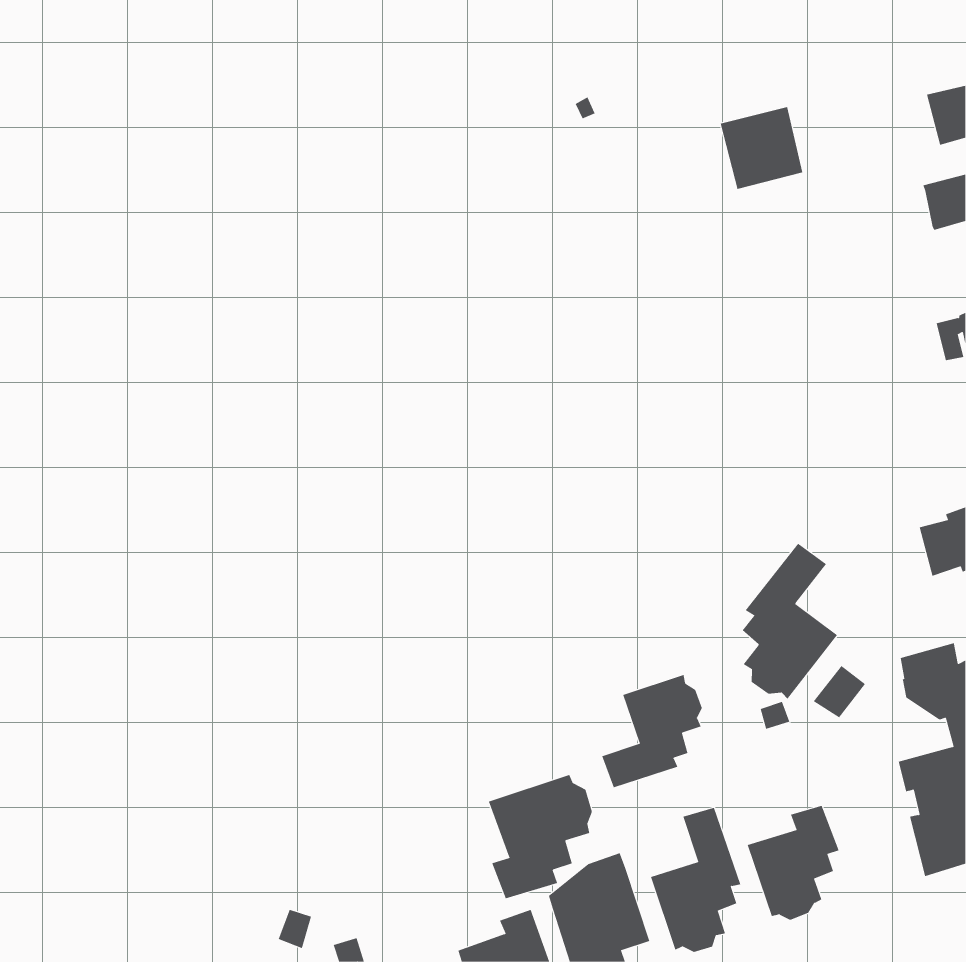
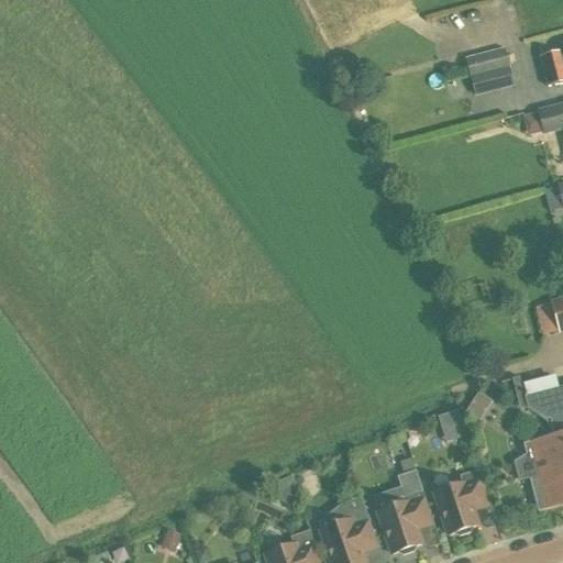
building: [720,106,803,190] -> [465,46,514,95]
building: [742,543,838,699] -> none
building: [602,674,703,788] -> none
building: [488,774,592,899] -> none

